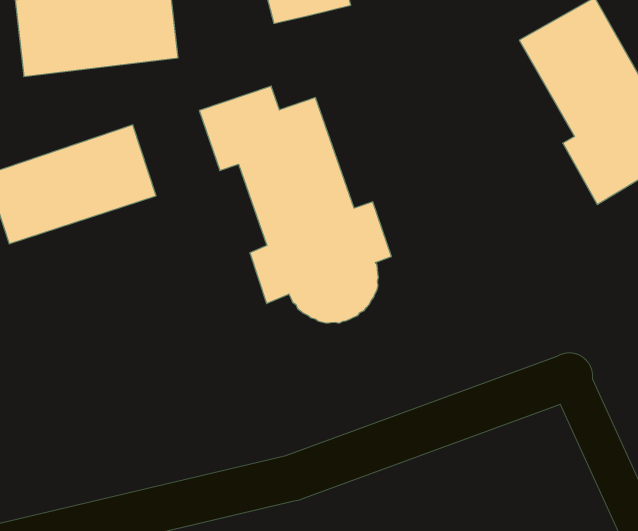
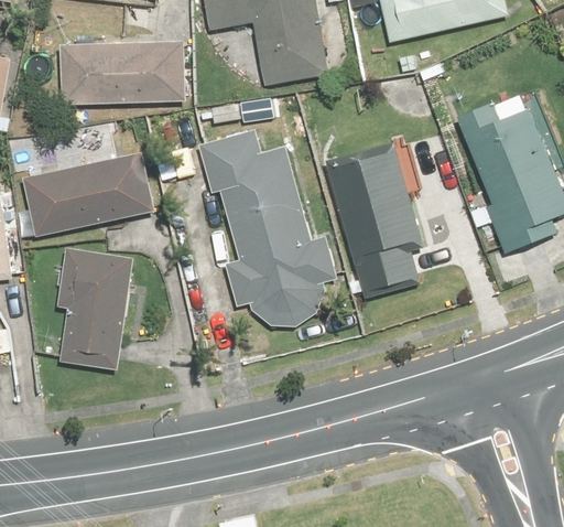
building: none -> [325,144,422,299]
building: none -> [55,248,133,368]

